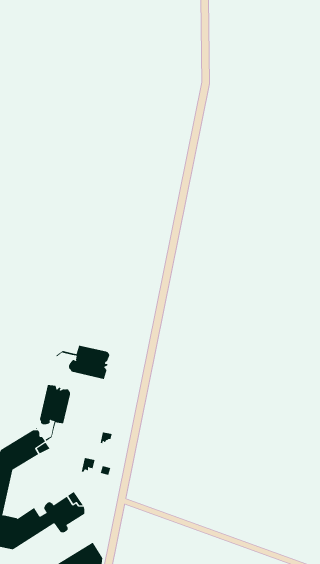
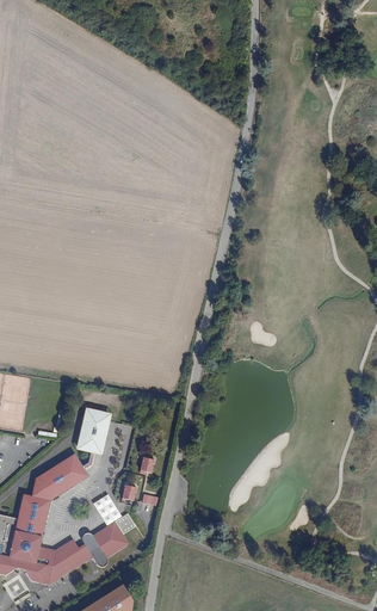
building: [56,345,110,380] -> none

